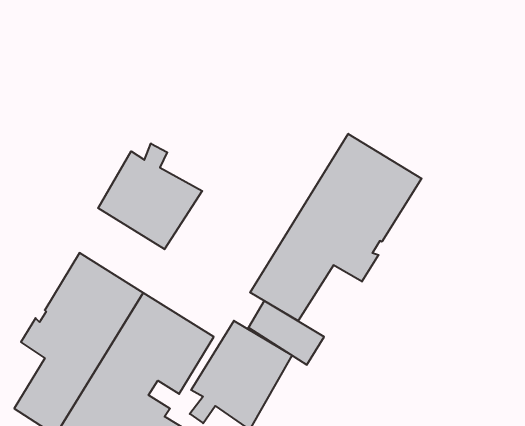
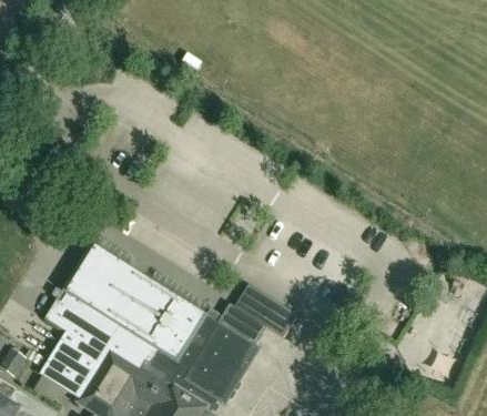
building: [250,134,422,321] -> none
building: [98,143,202,249] -> none

